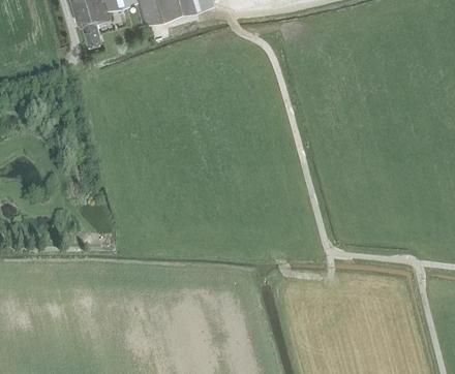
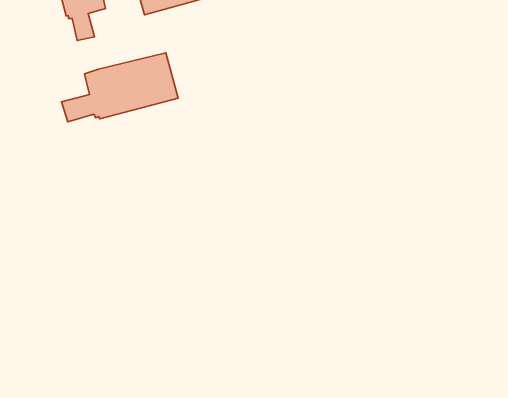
building: none -> [61,53,178,122]

